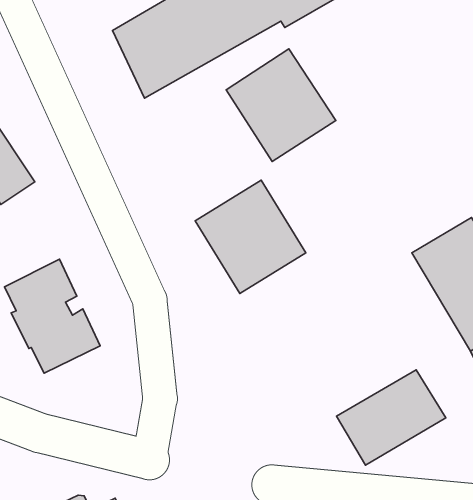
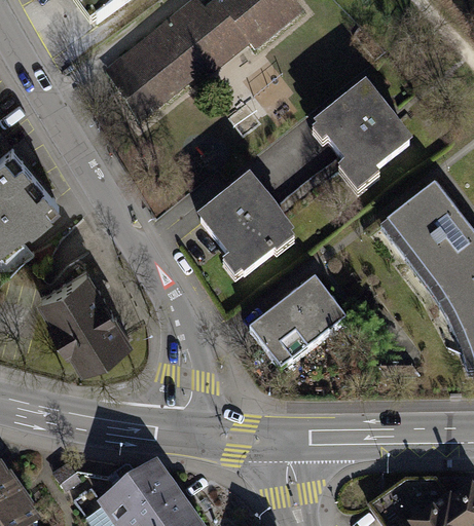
building: [226,49,336,161] -> [317,84,413,182]
building: [336,370,446,465] -> [252,283,345,369]

